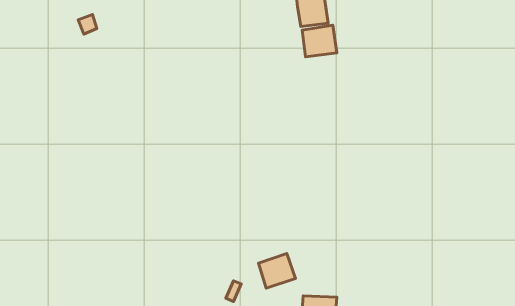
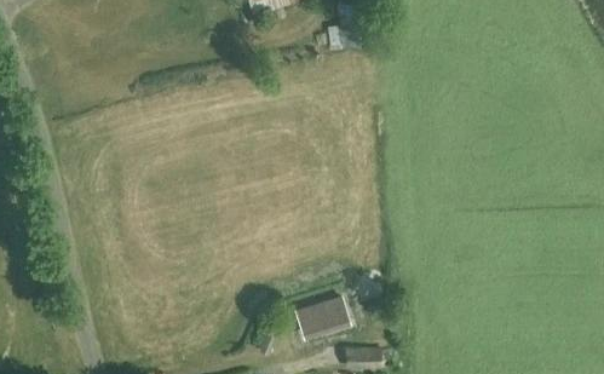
building: [302,25,337,57] -> none

